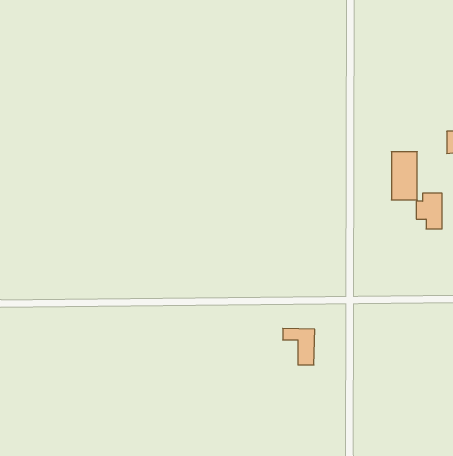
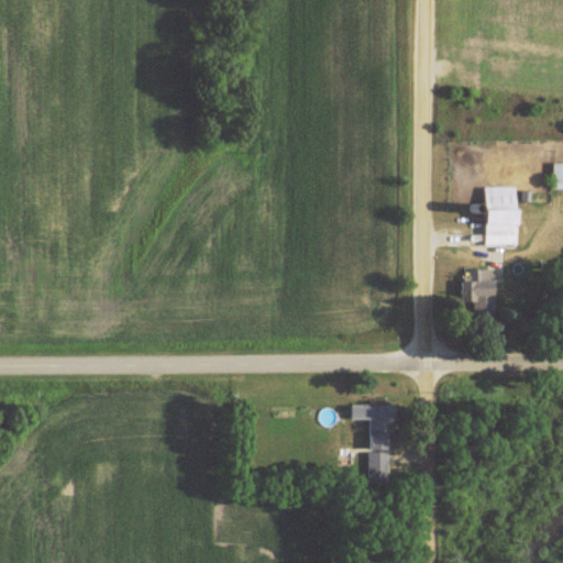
building: [416,193,442,229] -> [463,271,495,314]
building: none -> [369,452,389,486]

